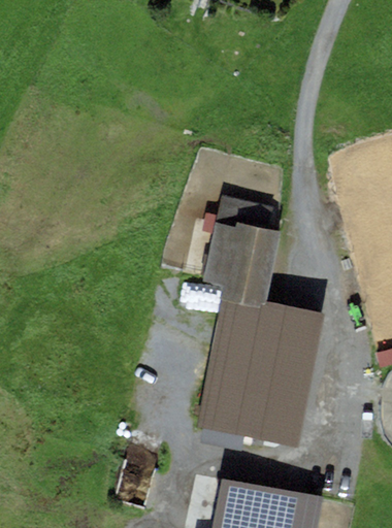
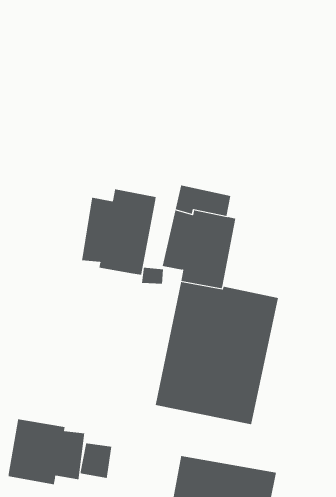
building: none -> [82,189,156,275]
building: none -> [8,419,85,485]

